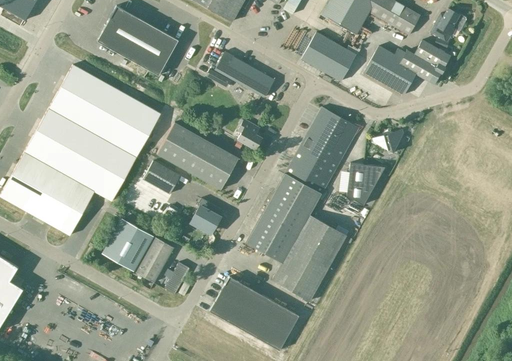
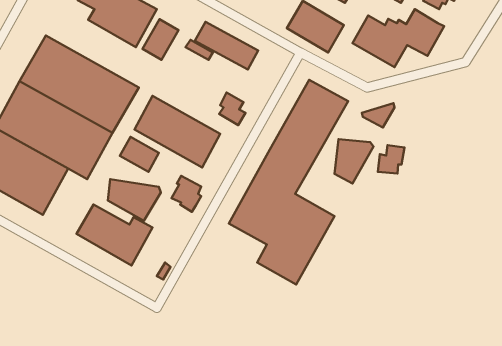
building: none -> [142,19,179,60]
building: none -> [378,145,404,174]
building: none -> [108,179,161,221]
building: [164,263,189,295] -> none
building: [210,276,296,348] -> none

